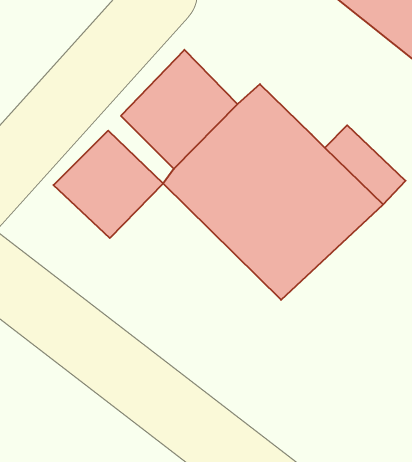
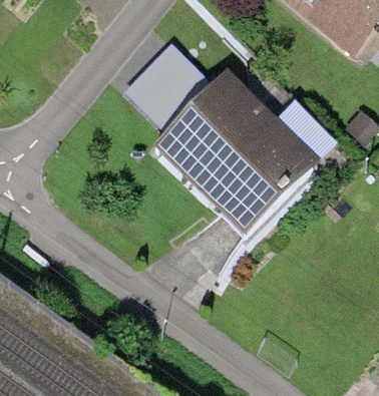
building: [53,131,163,238] -> none

